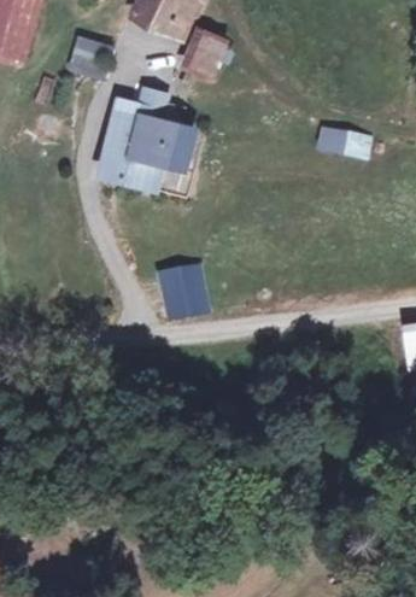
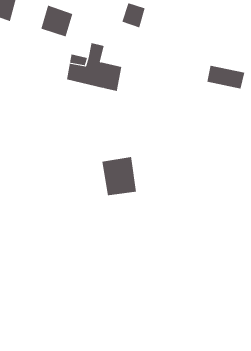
building: [99,146,162,185] -> none

